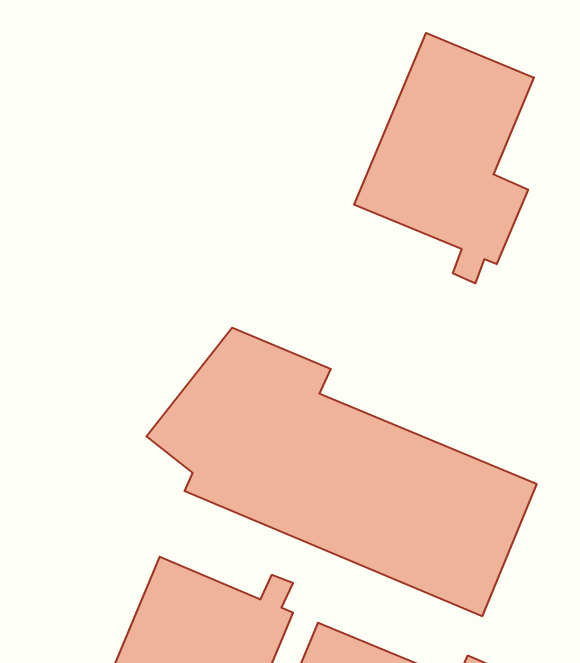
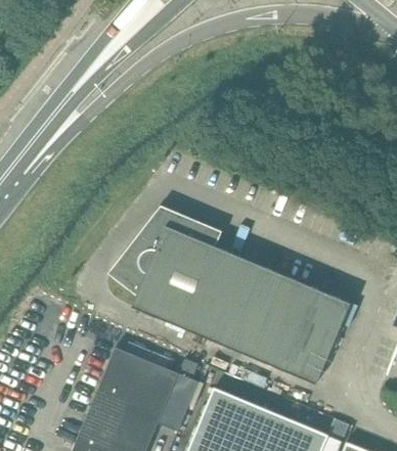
building: [354,33,534,283] -> none

